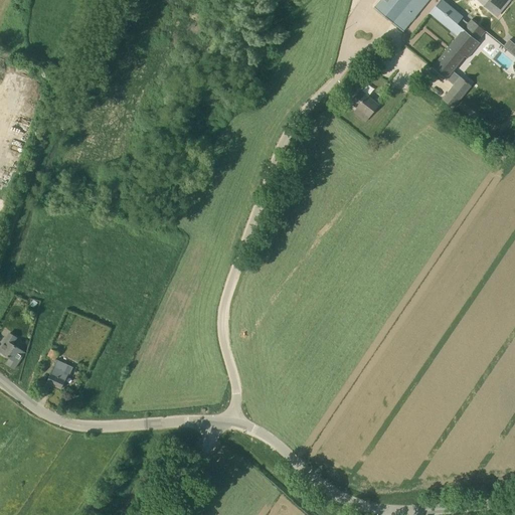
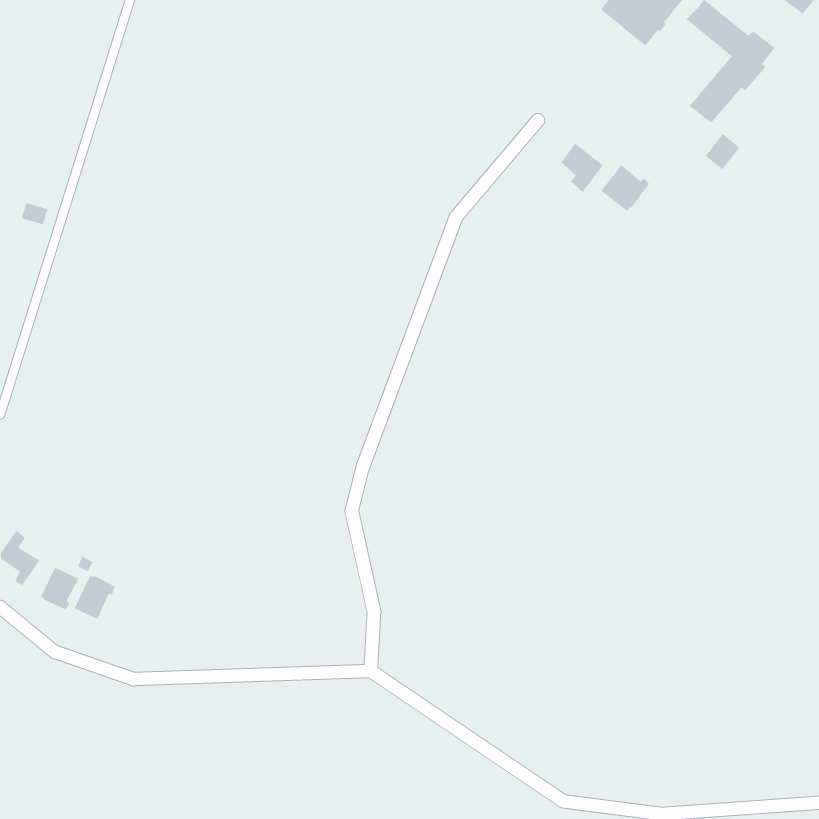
building: none -> [600,164,650,212]
building: none -> [40,567,79,610]

